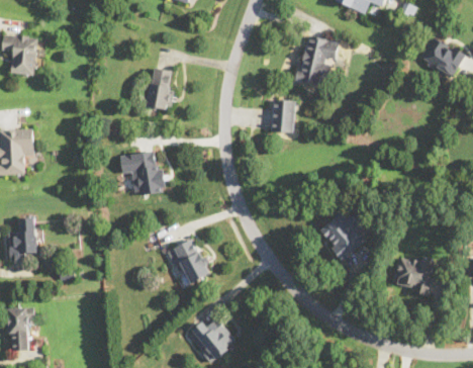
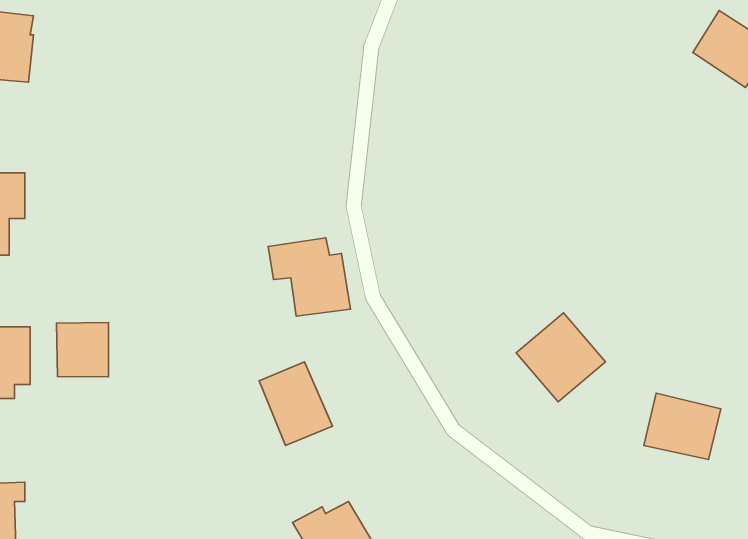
building: [296,36,338,88] -> none
building: [147,67,176,110] -> none
building: [272,102,293,131] -> none
building: [119,151,167,196] -> [268,238,350,316]
building: none -> [57,322,109,377]

